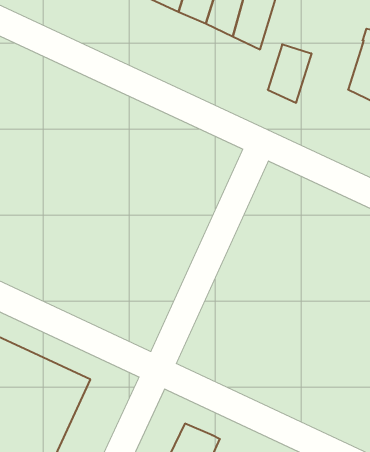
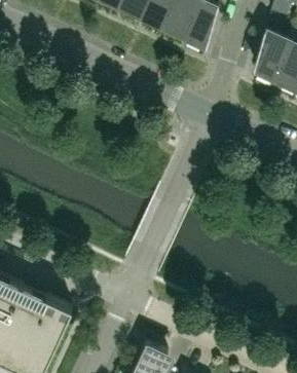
building: [268,44,312,103] -> [254,32,289,78]

